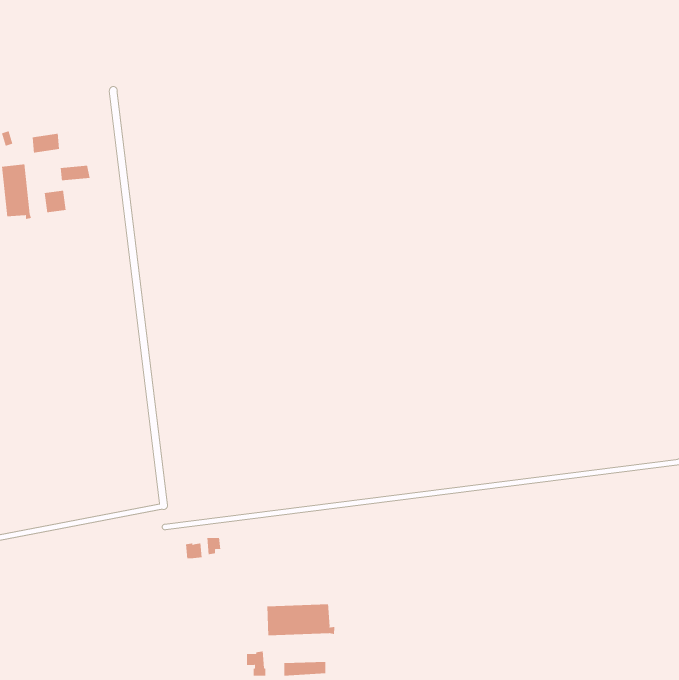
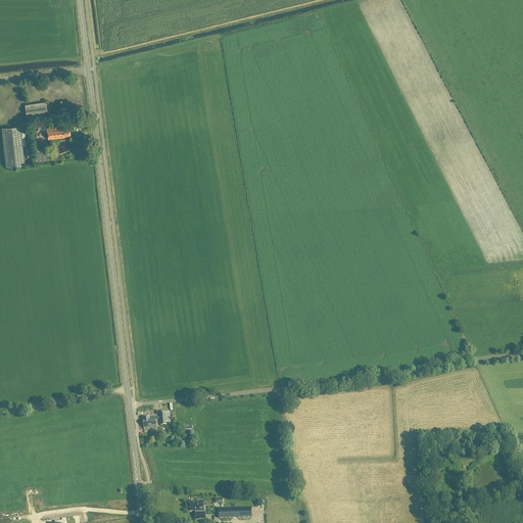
building: [267,603,335,636] -> none

